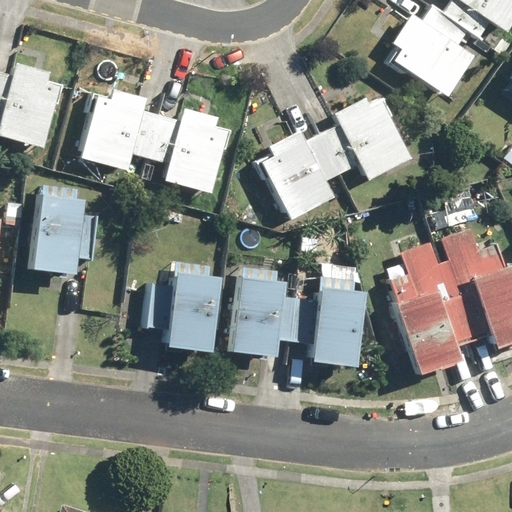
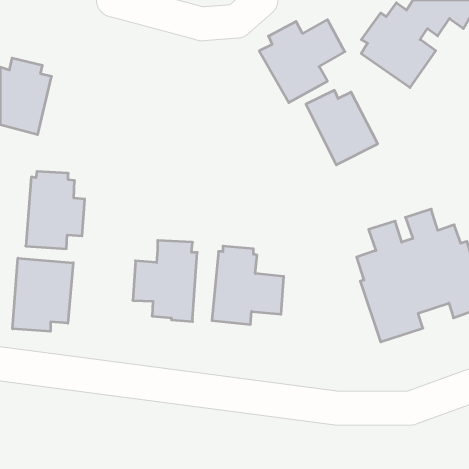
building: [81,90,230,192] -> none
building: [260,130,353,220] -> [259,20,345,103]
building: [311,279,363,365] -> none
building: none -> [13,258,73,331]

